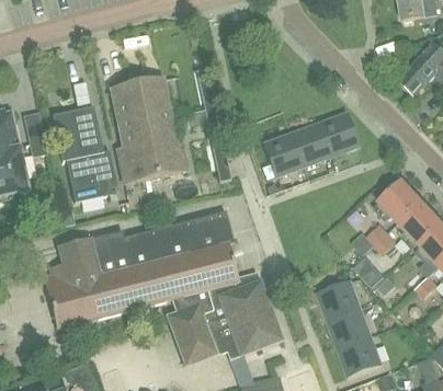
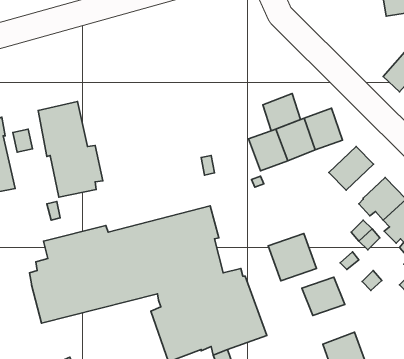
building: [112,69,189,182] -> none
building: none -> [263,94,300,131]
building: none -> [329,146,374,190]
building: none -> [268,234,316,281]
building: [329,308,371,347] -> none

